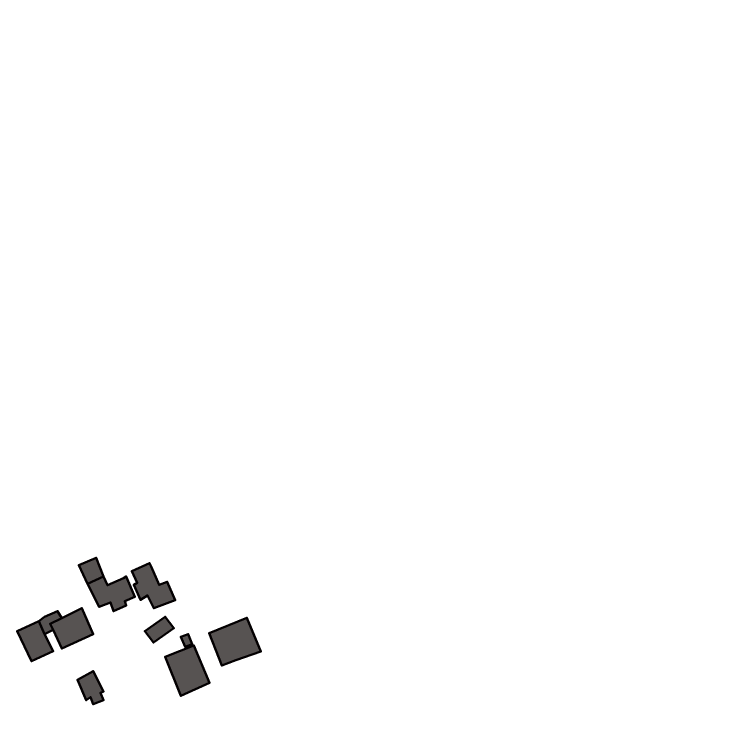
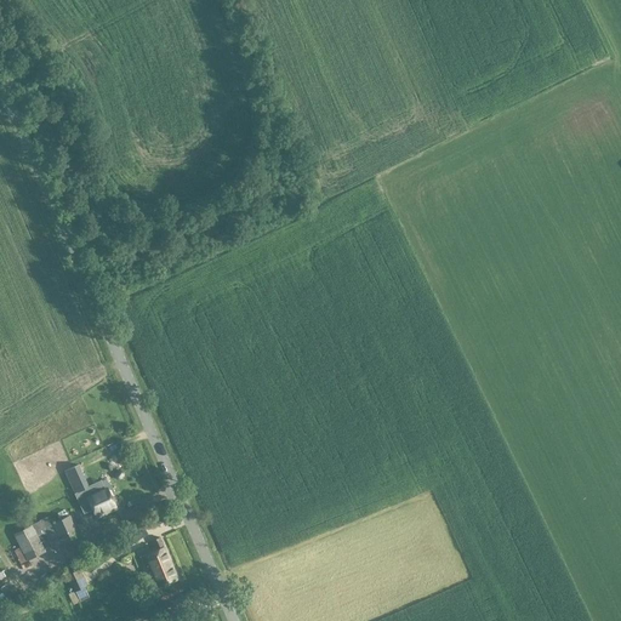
building: [132,563,175,608] -> none
building: [209,618,261,665] -> none

